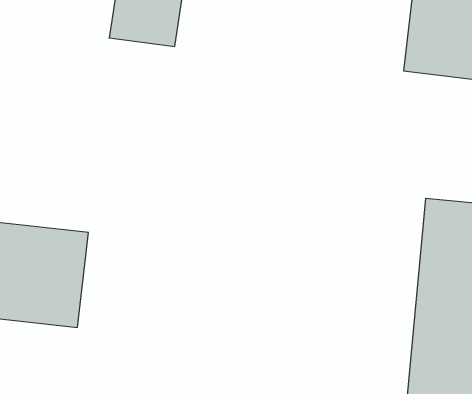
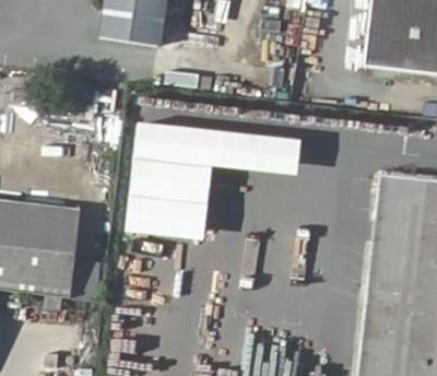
building: none -> [118,117,293,235]

